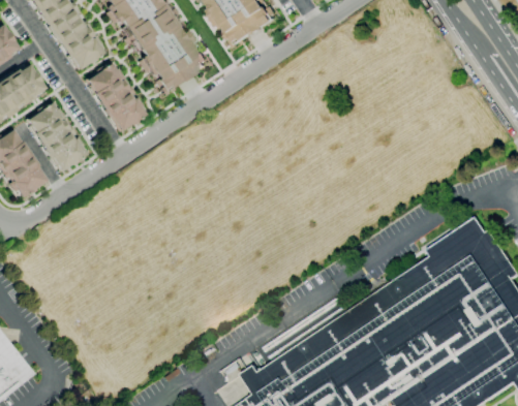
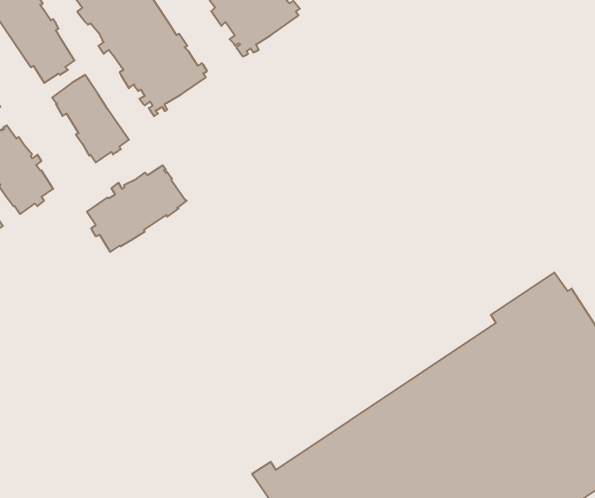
building: none -> [87,165,187,252]

